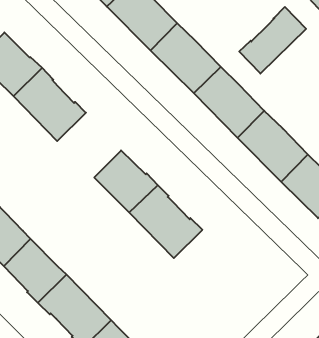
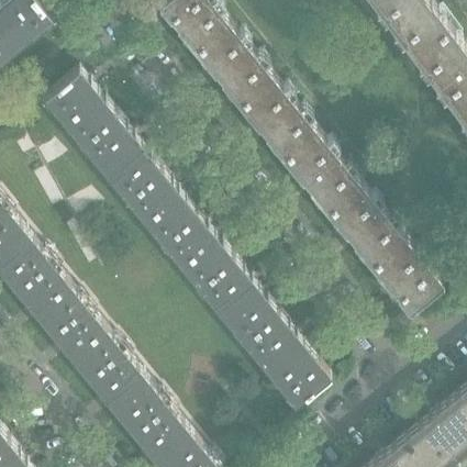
building: [239,7,306,74] -> none
building: none -> [126,173,197,246]
building: none -> [244,316,331,408]

